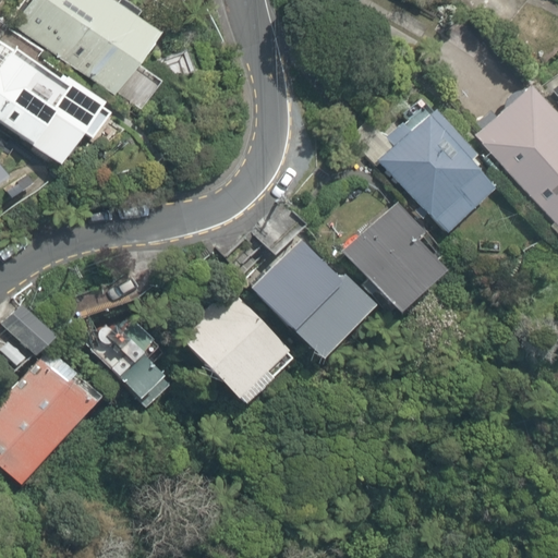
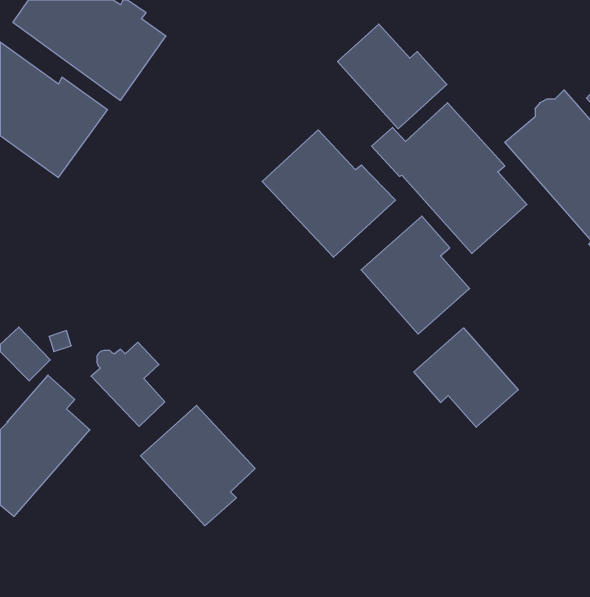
building: none -> [338,24,447,129]
building: [252,241,376,360] -> [262,130,395,257]
building: [181,290,288,402] -> [141,405,255,526]
building: none -> [414,328,518,427]

